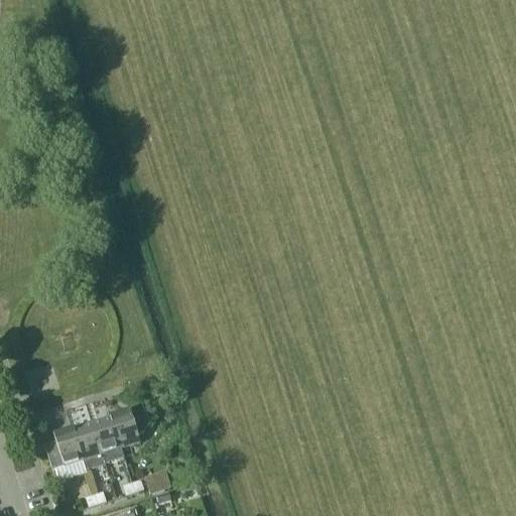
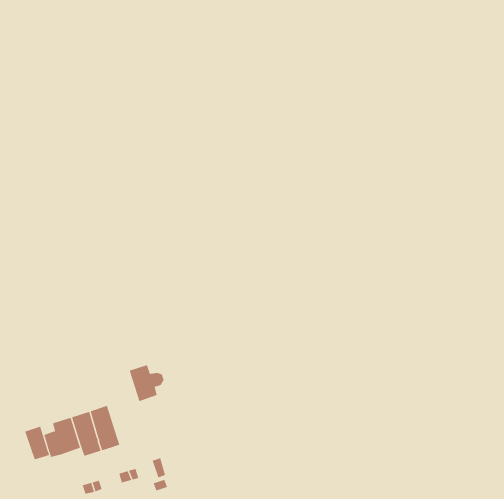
building: [110,408,146,446] -> [129,364,164,402]
building: none -> [24,426,50,460]

